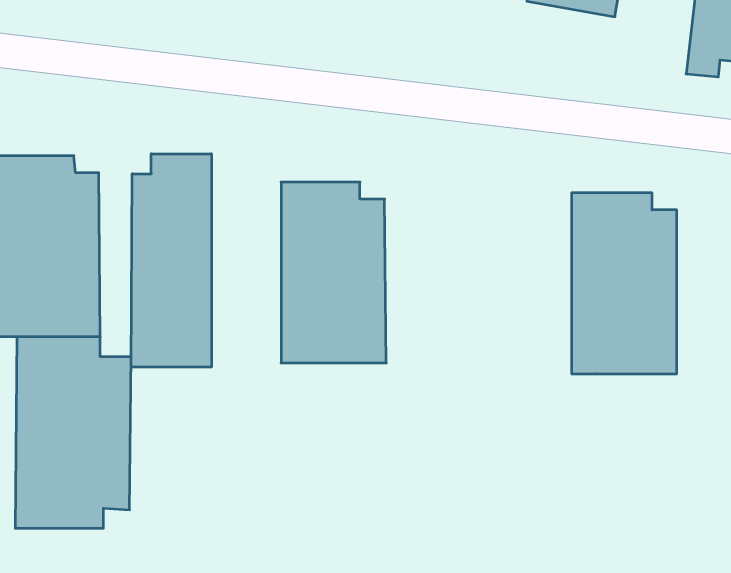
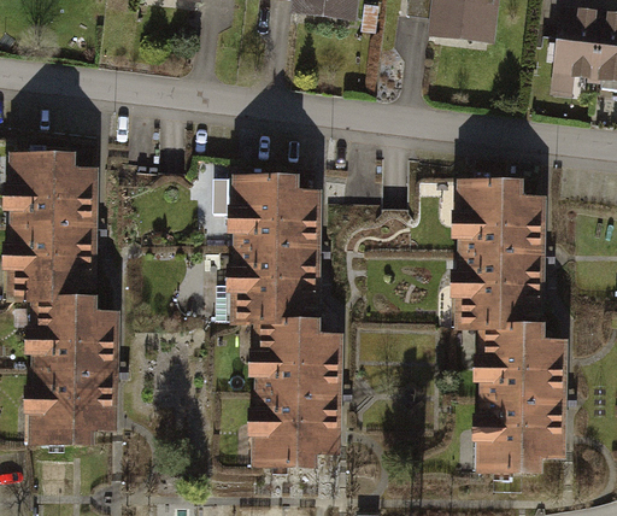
building: [131,154,211,367] -> none
building: none -> [249,315,340,464]
building: none -> [476,323,566,473]

